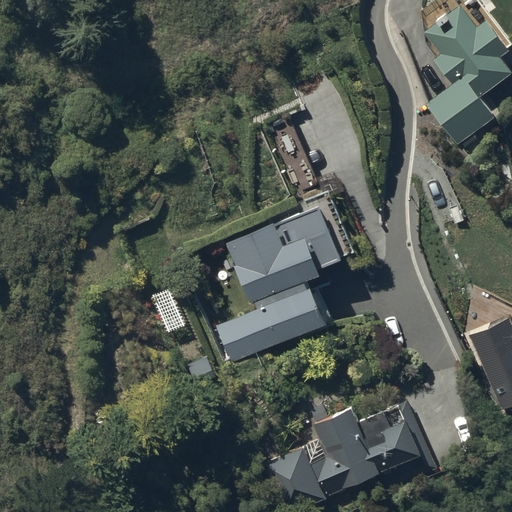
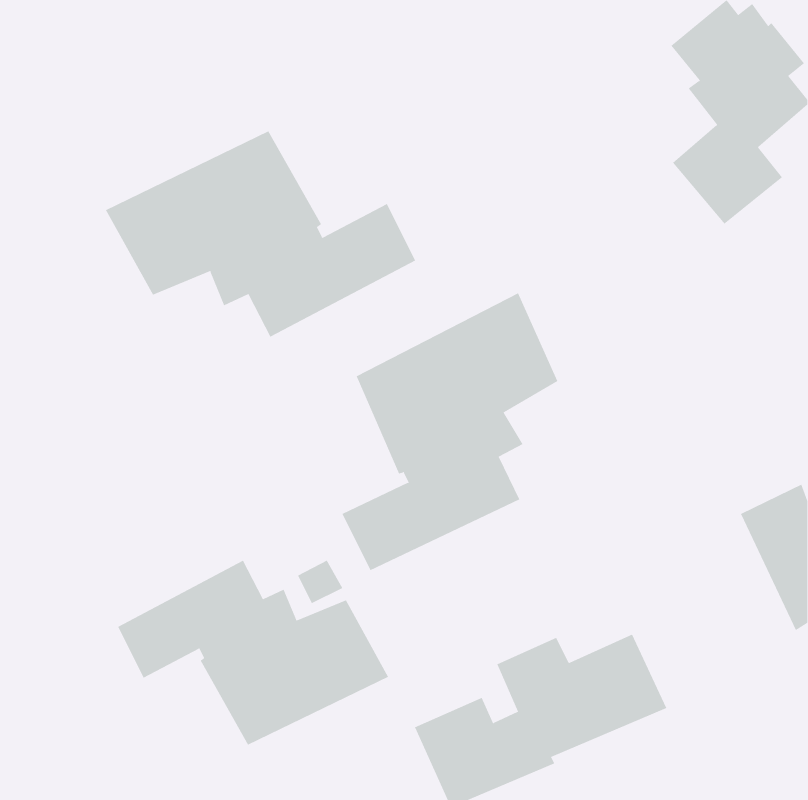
building: none -> [105,131,416,337]
building: none -> [117,560,389,745]

